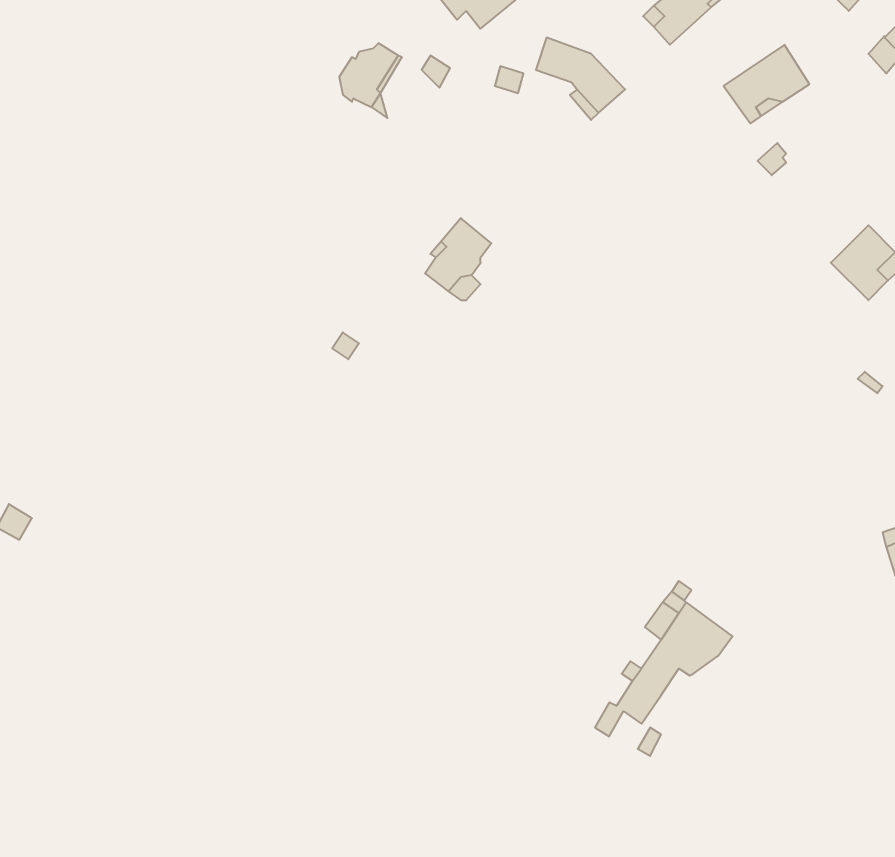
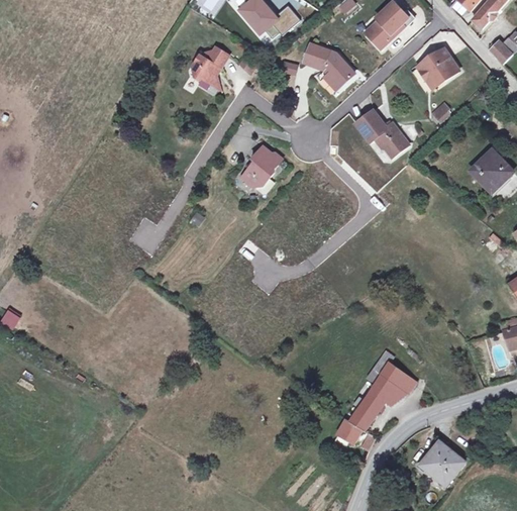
building: none -> [355,109,408,157]
building: none -> [420,440,464,485]

